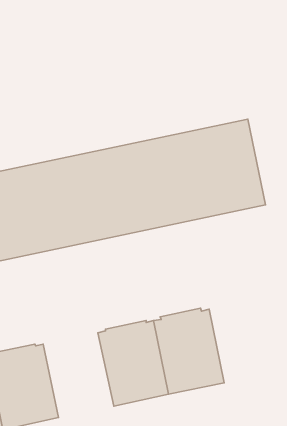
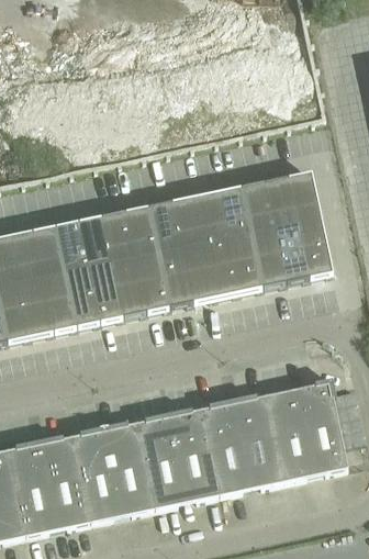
building: none -> [267,378,349,480]
building: none -> [74,421,156,521]

